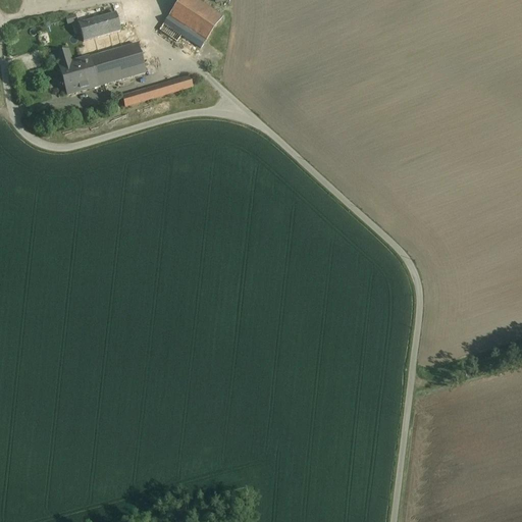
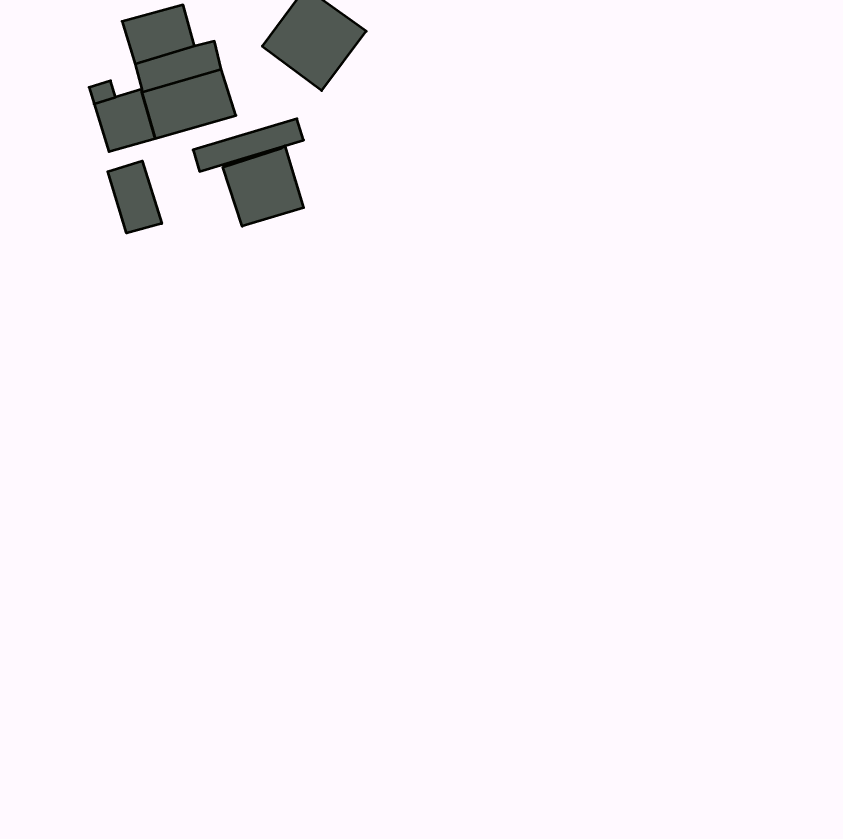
building: none -> [223,146,304,226]
building: none -> [108,161,162,233]

